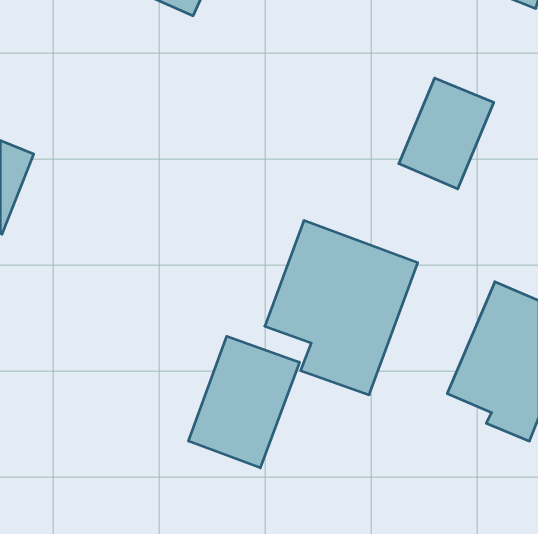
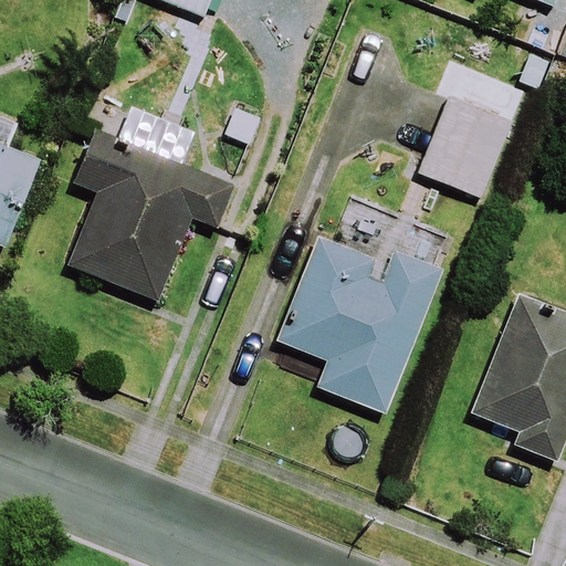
building: none -> [69,132,232,300]
building: [189,336,299,468] -> none

